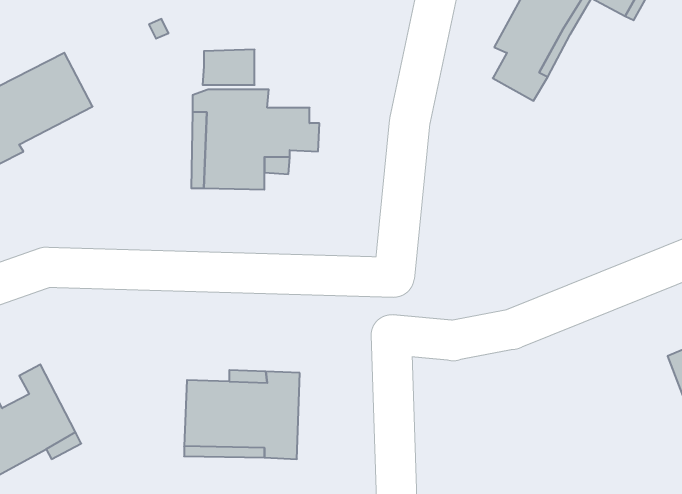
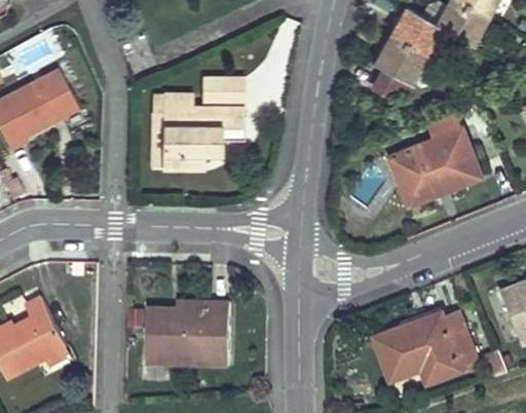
building: [203,50,255,85] -> [206,83,245,109]
building: none -> [389,129,481,204]
building: none -> [374,311,476,383]

